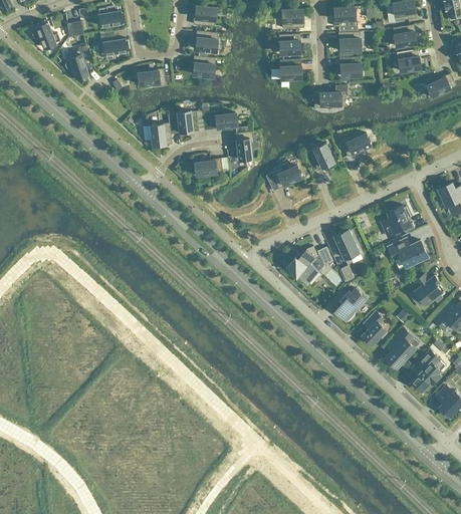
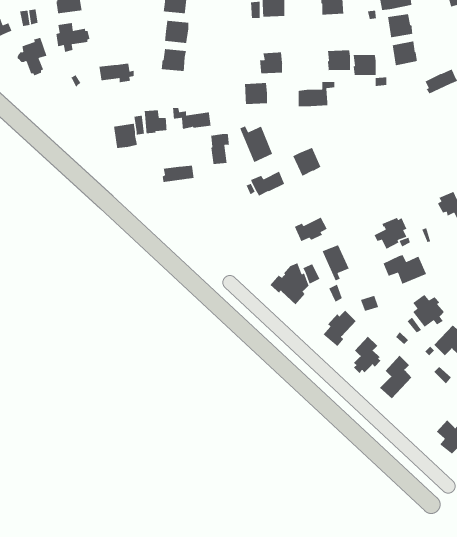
building: [337,32,360,52] -> [352,54,377,77]
building: [278,34,300,54] -> [244,82,269,105]
building: none -> [239,125,273,163]
building: [340,134,372,157] -> none
building: none -> [294,216,328,242]
building: [412,350,442,391] -> none

